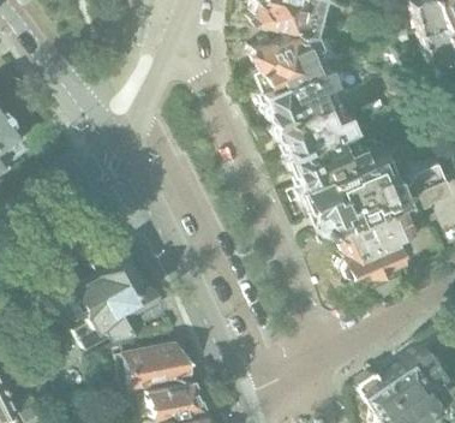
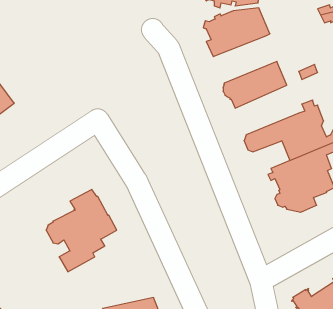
building: [267,65,343,123] -> none
building: [291,125,370,185] -> none
building: [315,192,359,231] -> none
building: [120,345,192,391] -> none

